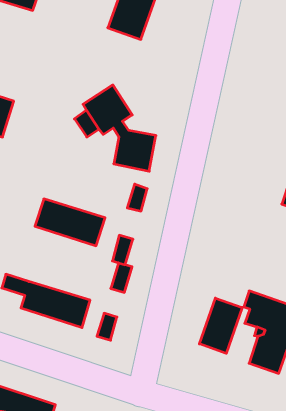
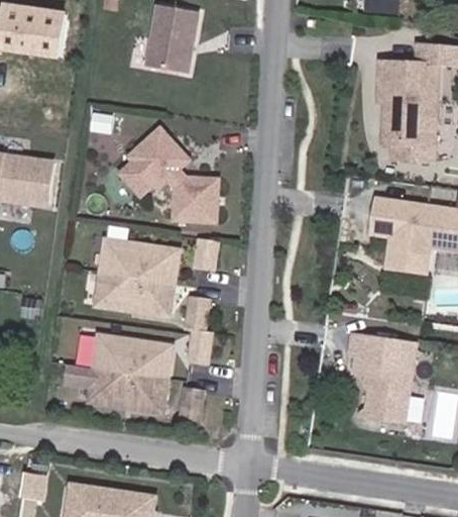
building: none -> [102,236,180,279]
building: none -> [100,331,178,375]
building: [199,298,242,353] -> none

